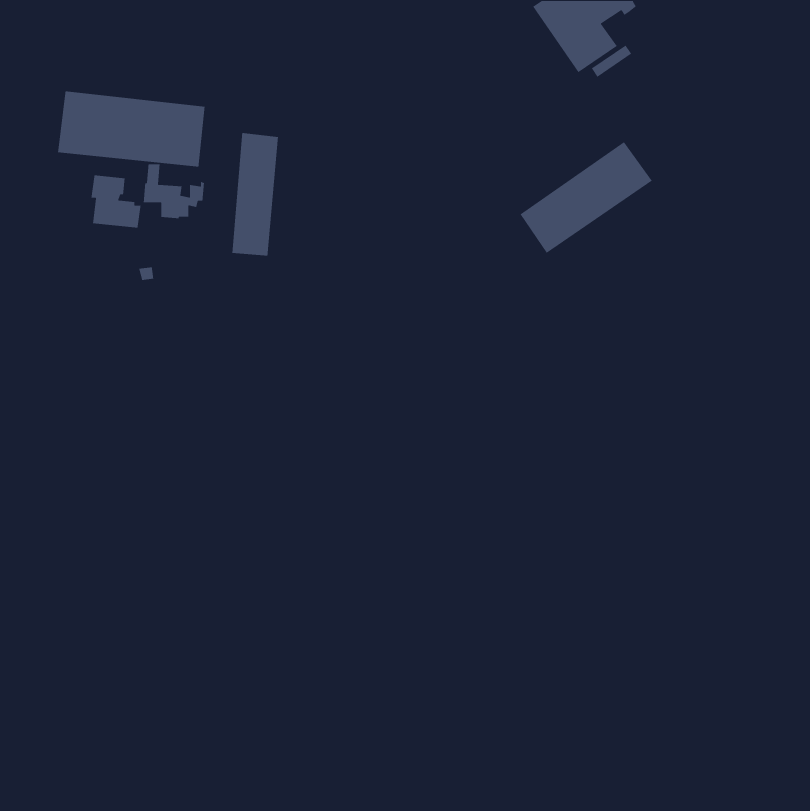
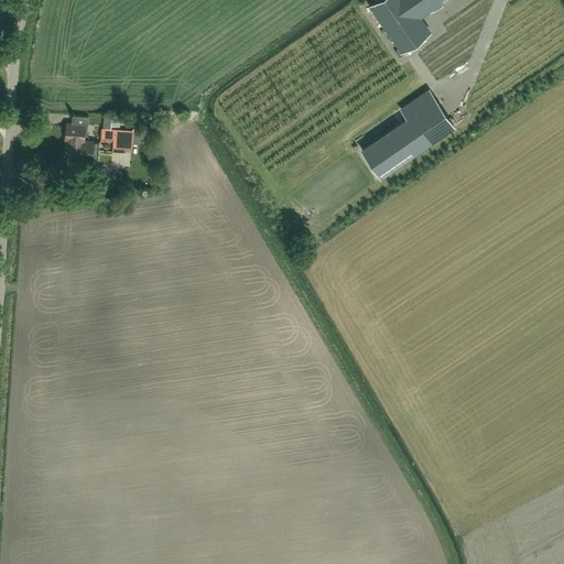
building: [57,90,205,167] -> none
building: [231,132,279,257] -> none

